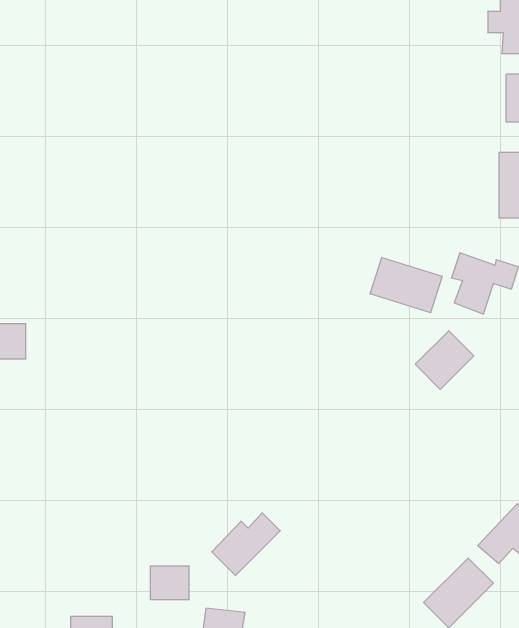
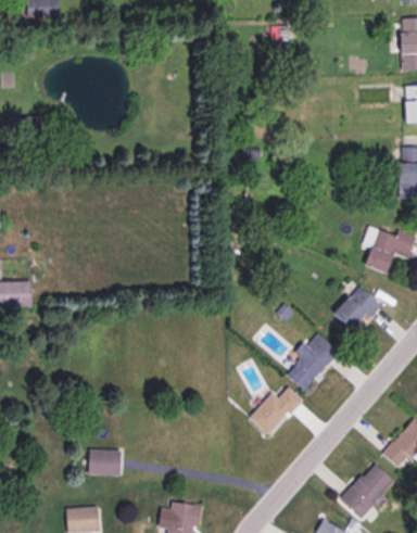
building: [370,257,442,313] -> none
building: none -> [288,332,339,390]
building: [212,513,280,575] -> [250,386,303,435]
building: [150,566,189,600] -> [89,449,119,475]

